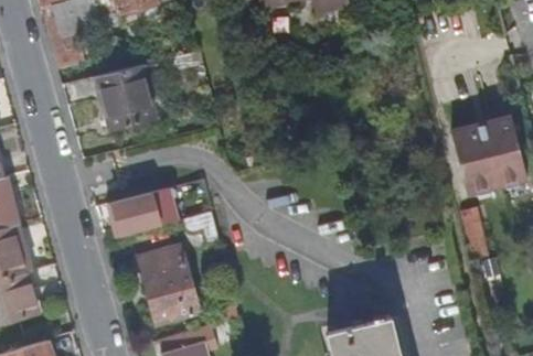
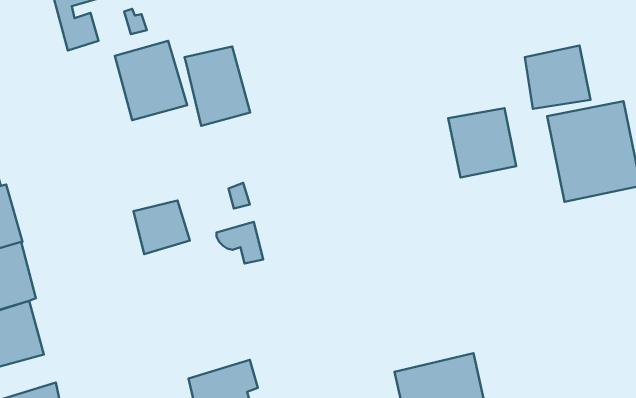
building: none -> [525,46,590,109]
building: none -> [185,47,250,126]
building: none -> [448,108,516,177]
building: [139,248,198,323] -> none

